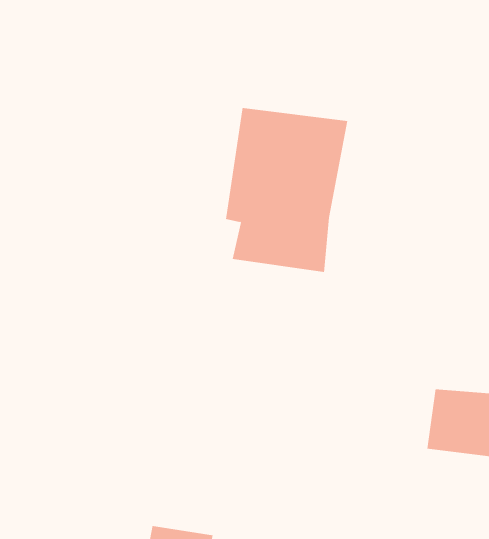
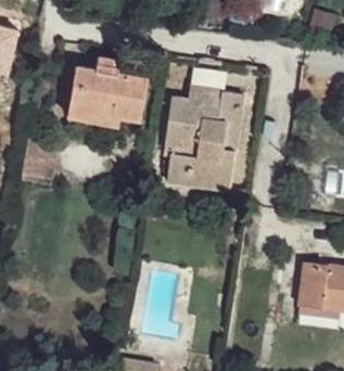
building: none -> [71,60,149,127]

